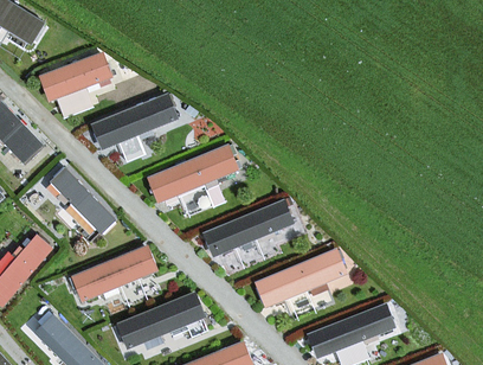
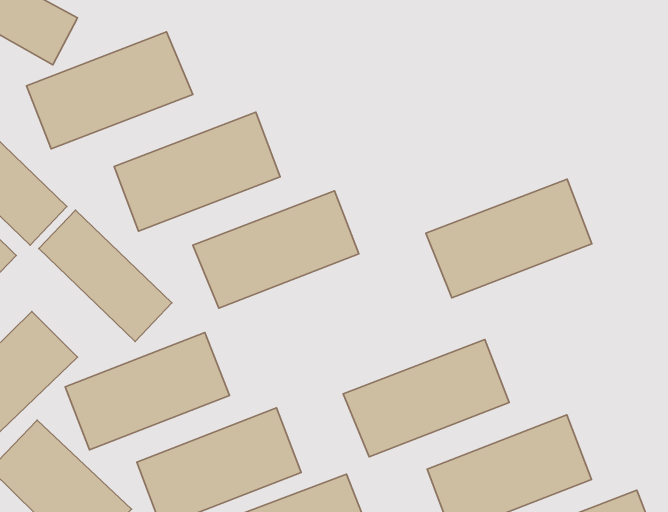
building: [194,190,307,270] -> [426,179,592,298]

